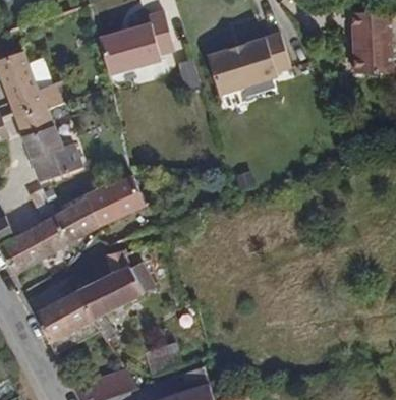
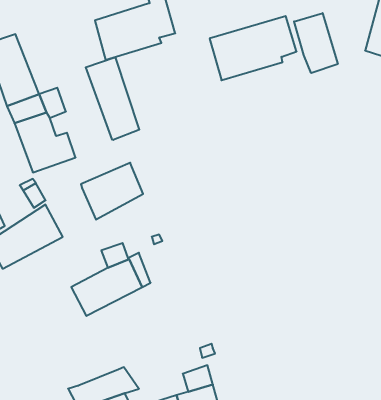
building: none -> [294,13,338,73]
building: none -> [86,57,139,140]
building: [52,197,100,243] -> none
building: [33,291,100,354] -> none

